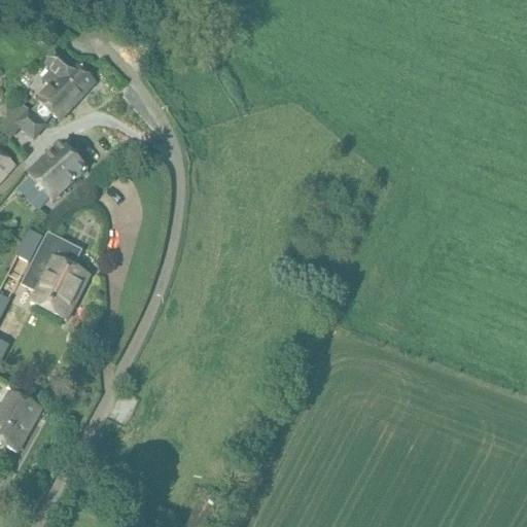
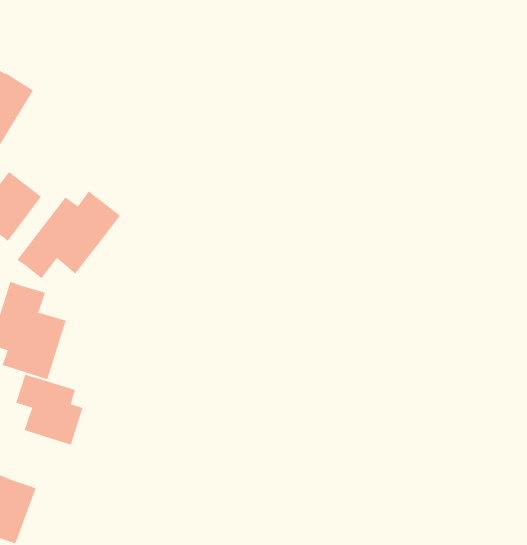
building: none -> [17,191,121,279]
building: none -> [16,374,83,446]

